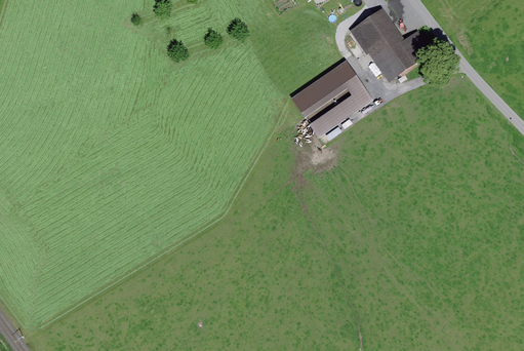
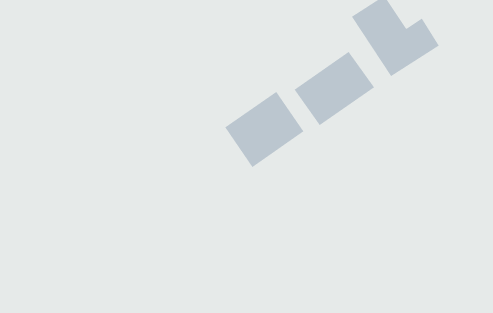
building: none -> [224,91,304,168]

